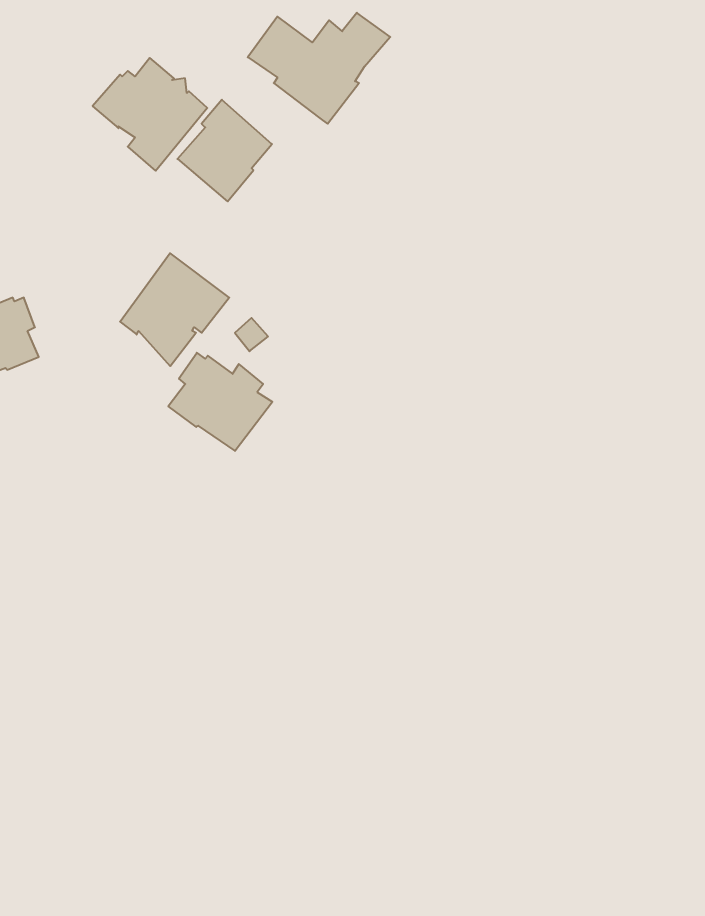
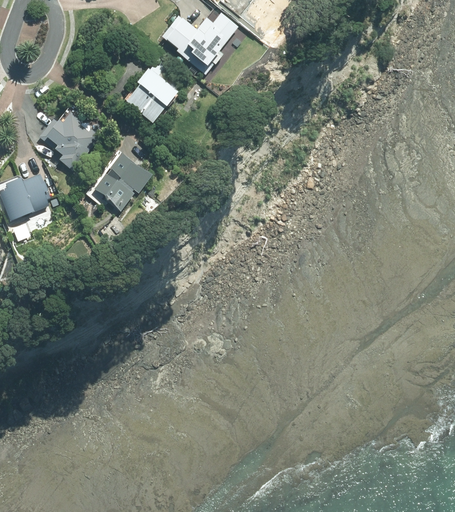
building: [93,58,207,171] -> [38,110,100,171]
building: [168,353,272,451] -> none

